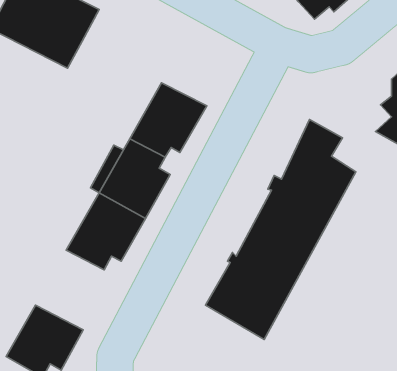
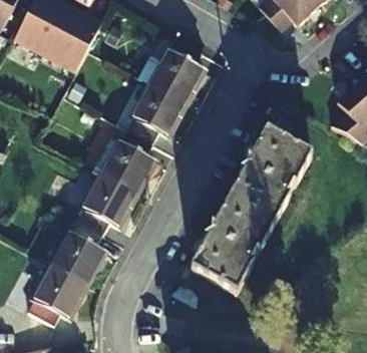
building: none -> [151,39,207,104]
building: none -> [48,223,108,288]

